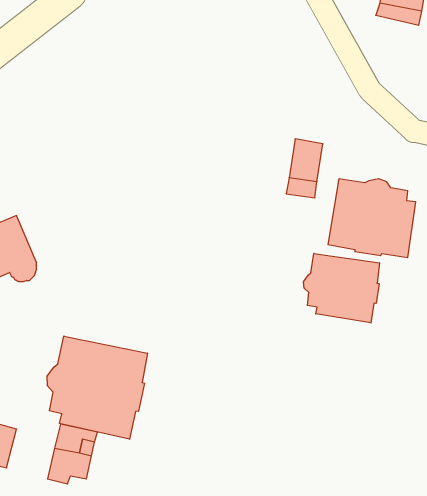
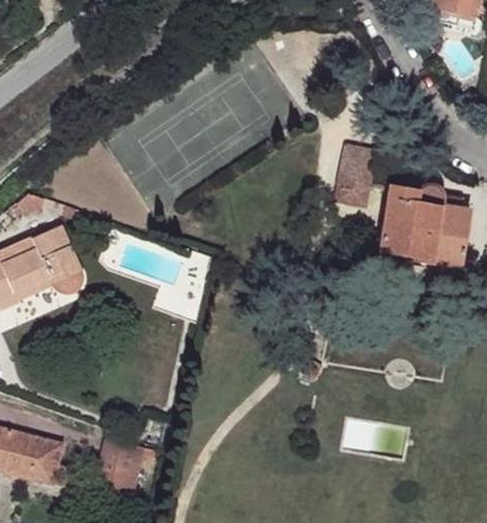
building: [304,253,379,323] -> none
building: [47,336,147,439] -> none

